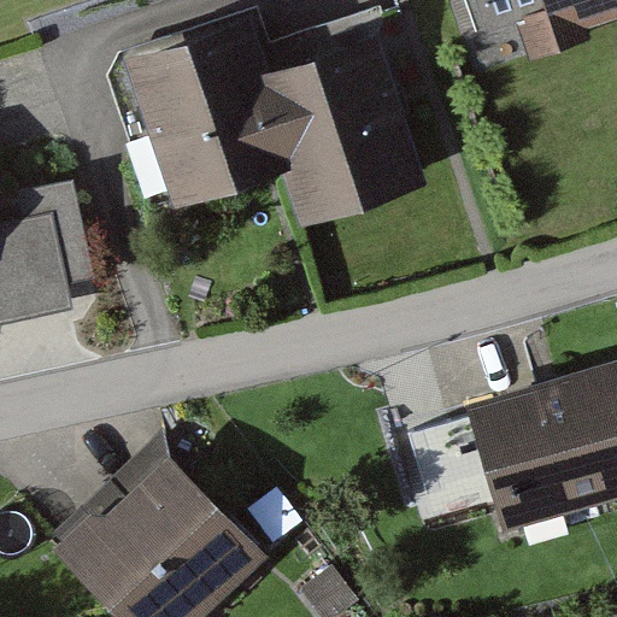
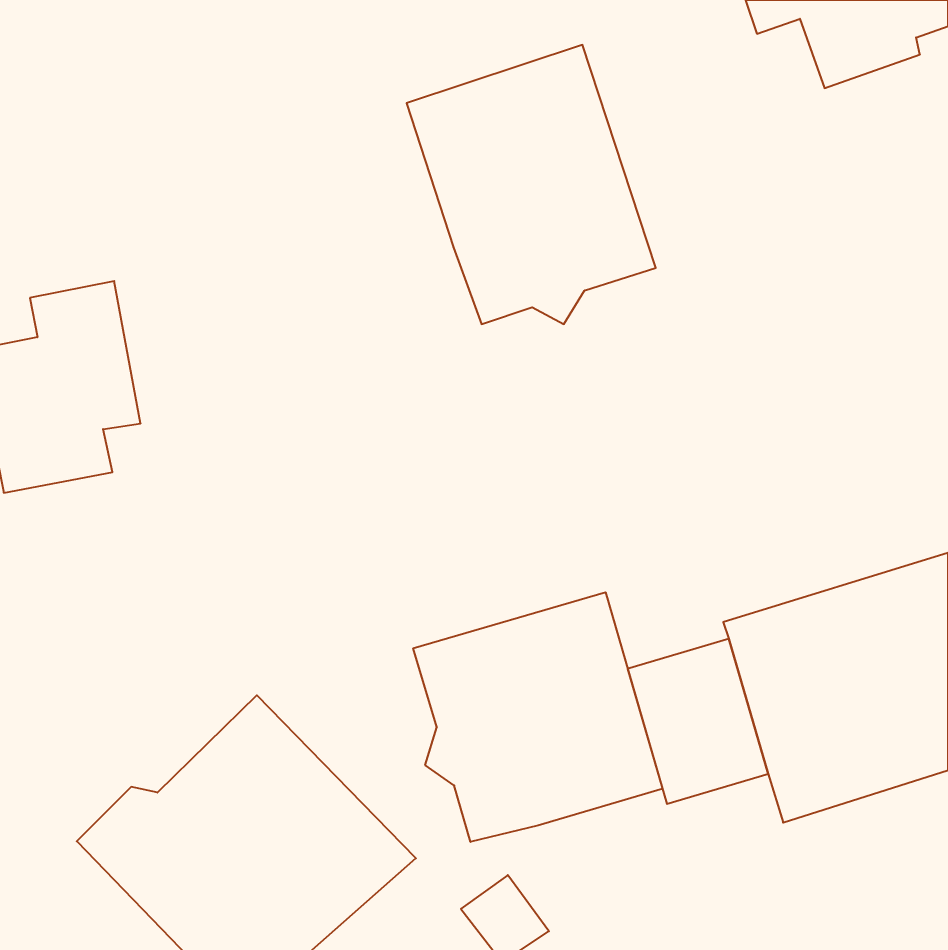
building: [122,13,292,204] -> none
building: none -> [413,592,662,842]

